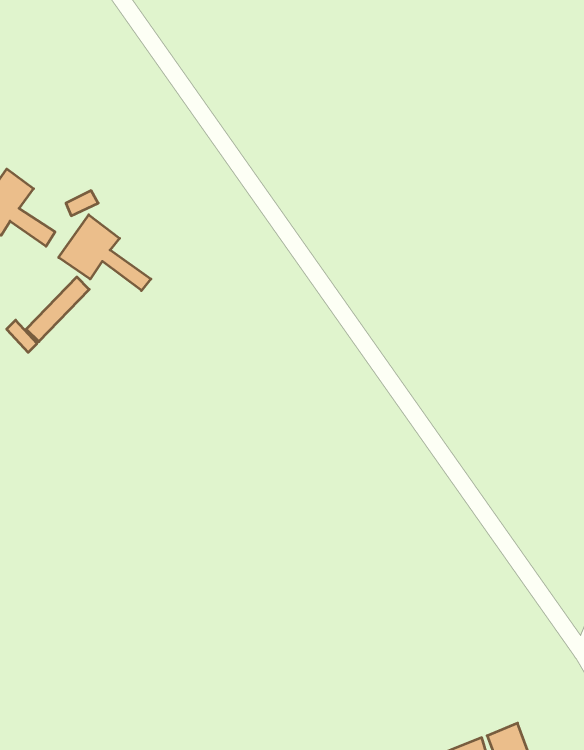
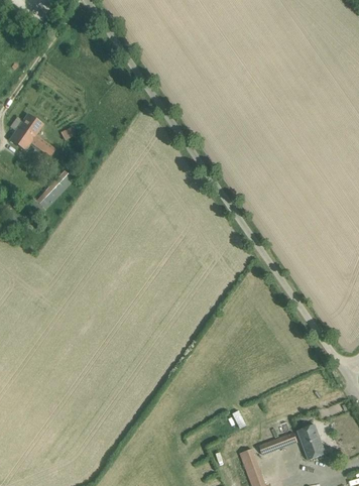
building: [59,215,151,291] -> none

